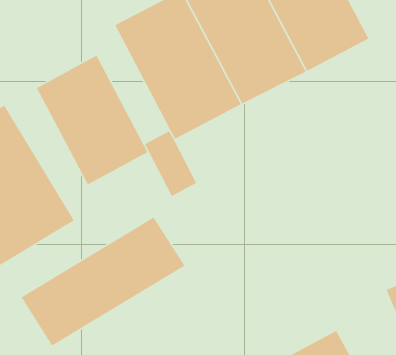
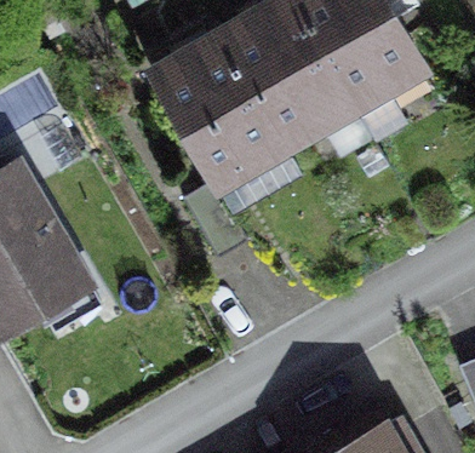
building: [36,55,148,185] -> none
building: [20,216,186,347] -> none

